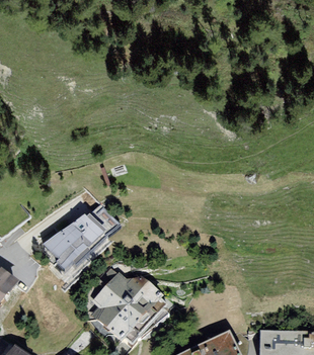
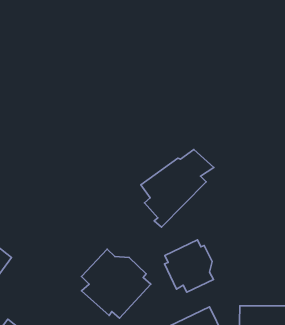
building: [43,204,121,287] -> [141,150,214,227]
building: none -> [165,240,213,292]

